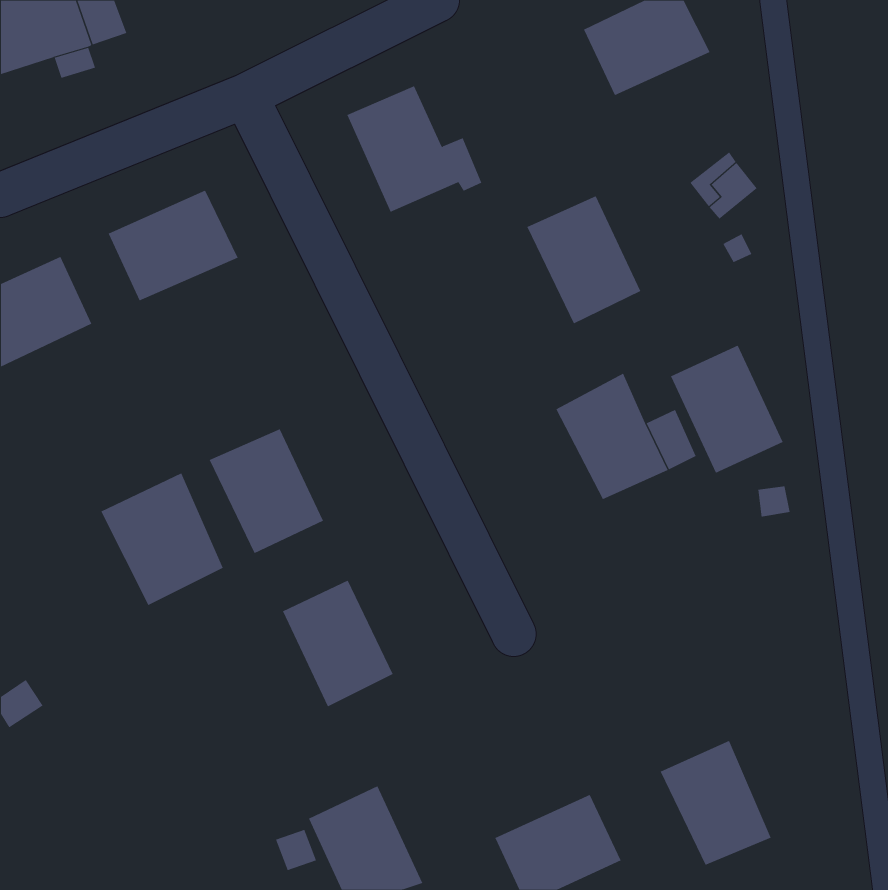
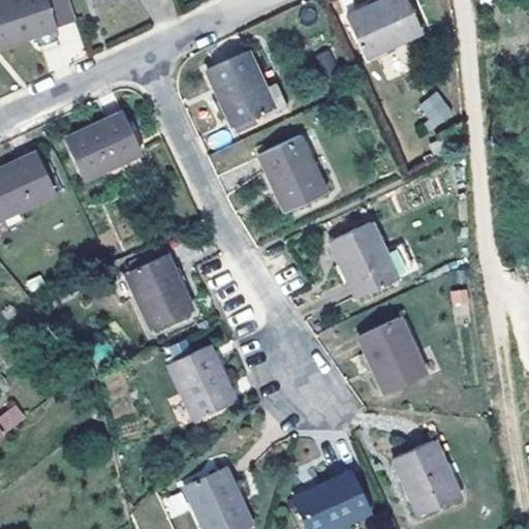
building: [526,195,641,324] -> [258,135,326,212]
building: [670,345,783,474] -> [359,316,426,393]
building: [101,473,224,606] -> none

